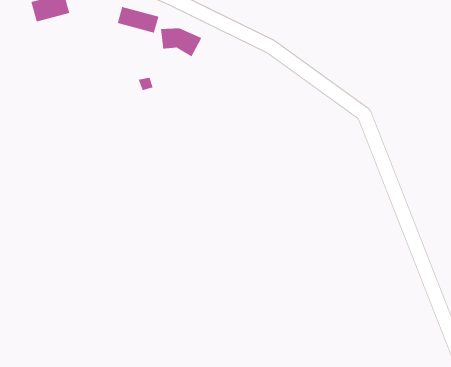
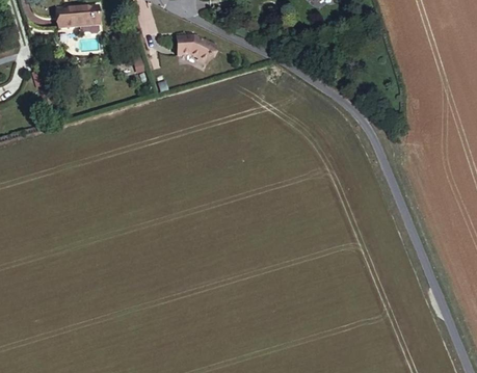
building: [117,6,159,33] -> none

